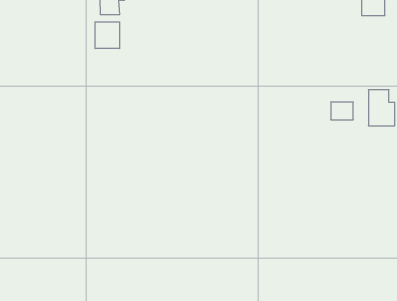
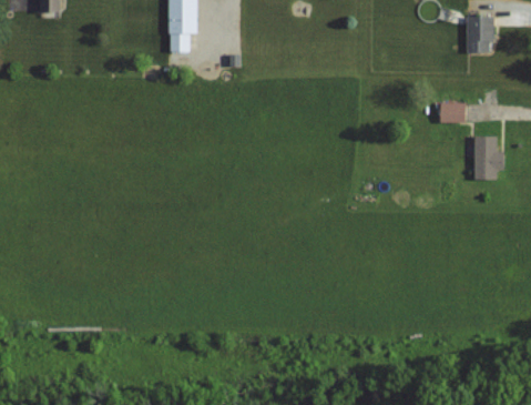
building: [95,22,120,49] -> none
building: [331,102,353,120] -> [439,103,464,123]

